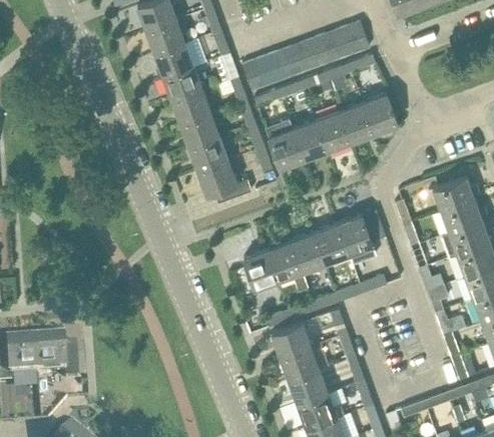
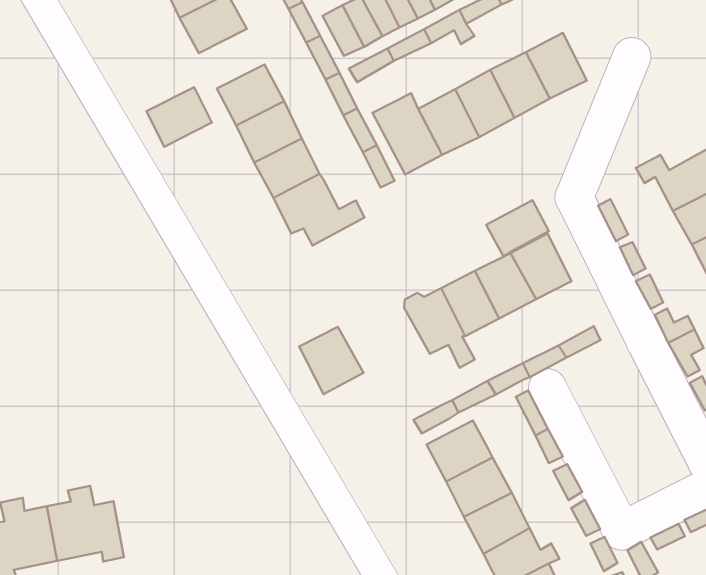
building: [163,66,202,100] -> [146,87,212,147]
building: none -> [486,200,549,257]
building: [243,249,281,289] -> [299,327,363,394]

